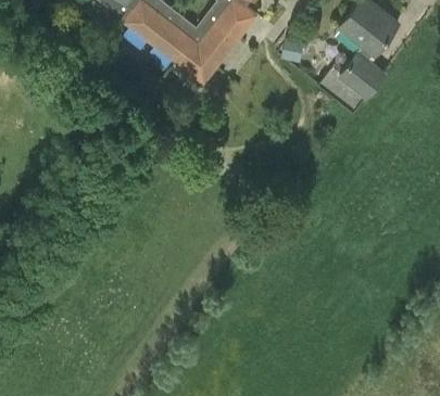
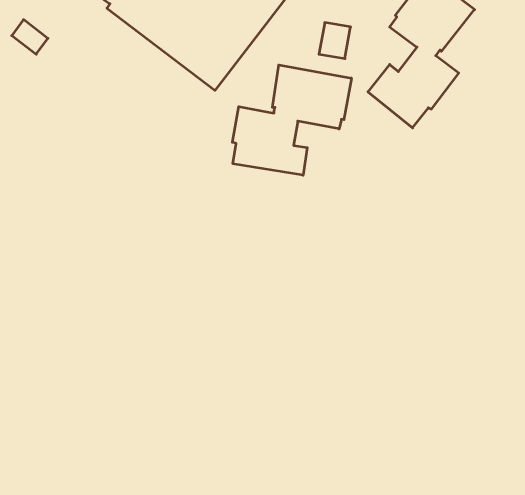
building: none -> [232,65,351,175]

